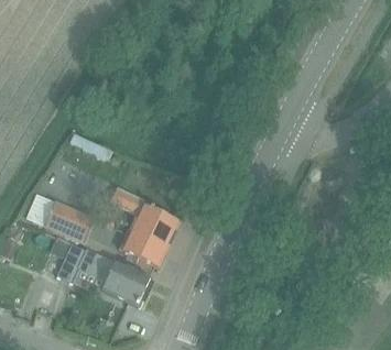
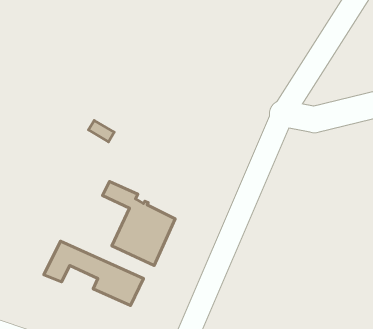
building: [42,200,94,242] -> none

